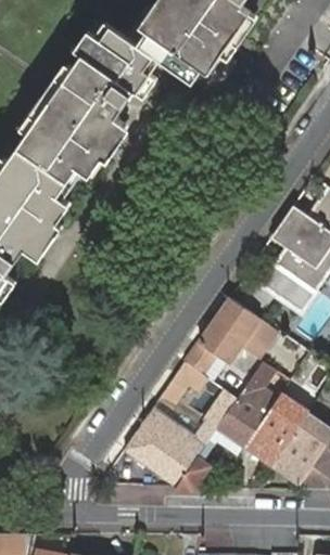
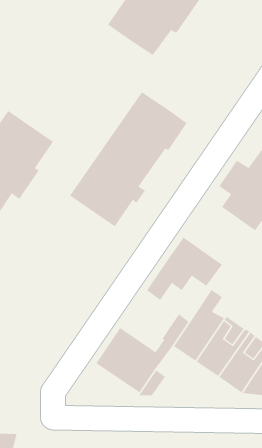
building: [18,22,161,184] -> [69,91,188,227]
building: [259,262,316,312] -> none
building: [158,362,208,408] -> none

